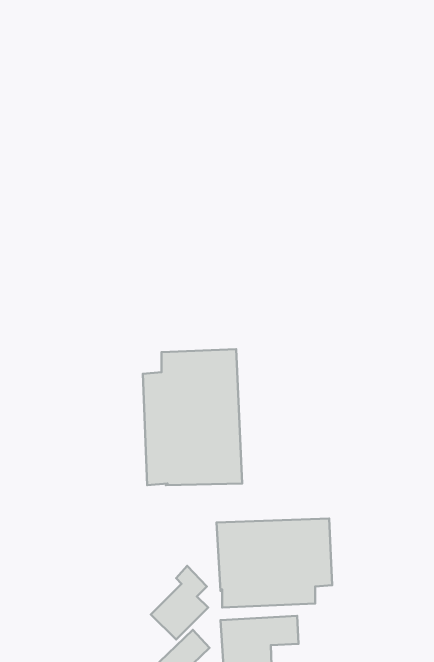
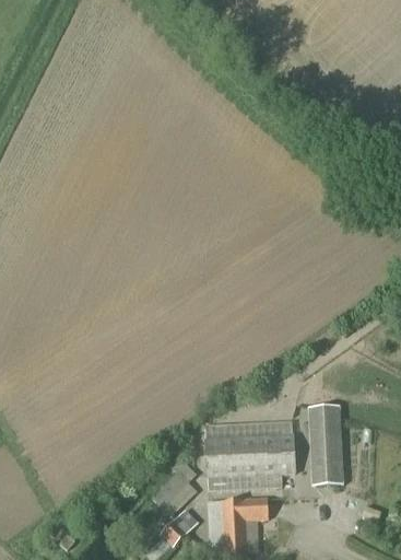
building: [143,349,242,485] -> none
building: none -> [307,405,343,486]

